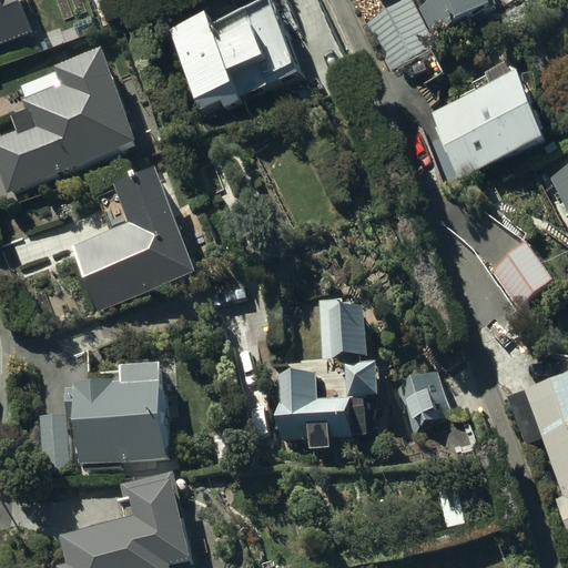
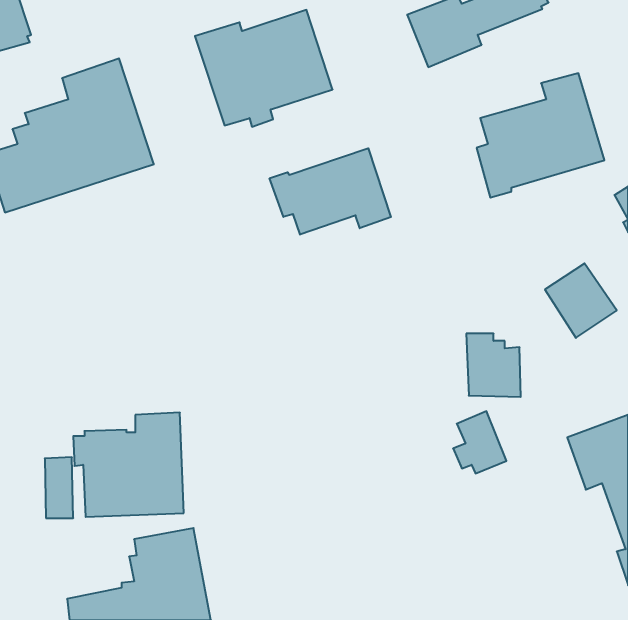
building: none -> [270,148,391,235]
building: [72,176,194,311] -> none
building: [317,298,366,355] -> [466,334,521,397]
building: [276,365,377,450] -> none

